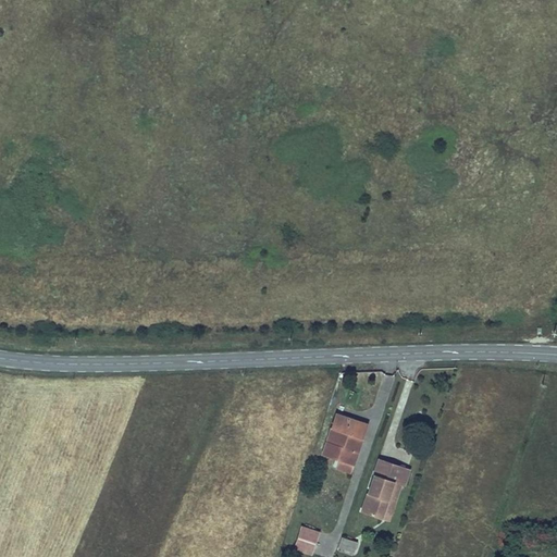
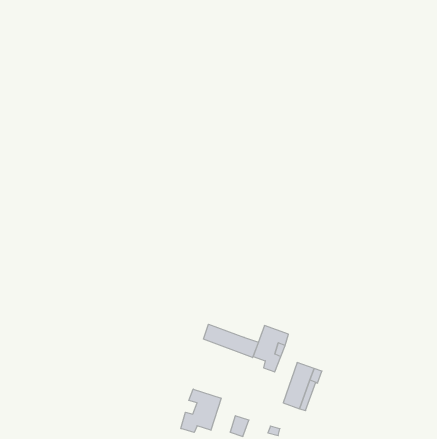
building: none -> [203,324,258,358]
building: none -> [181,389,221,432]

